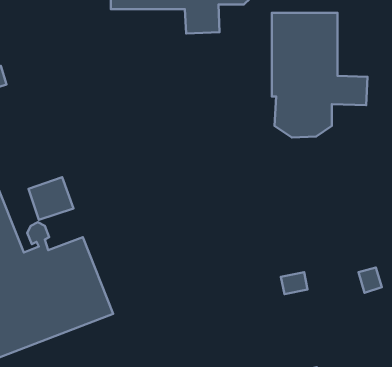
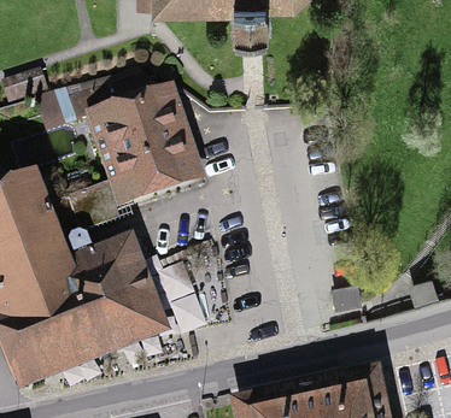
building: [272,13,367,138] -> none
building: none -> [72,77,188,194]

